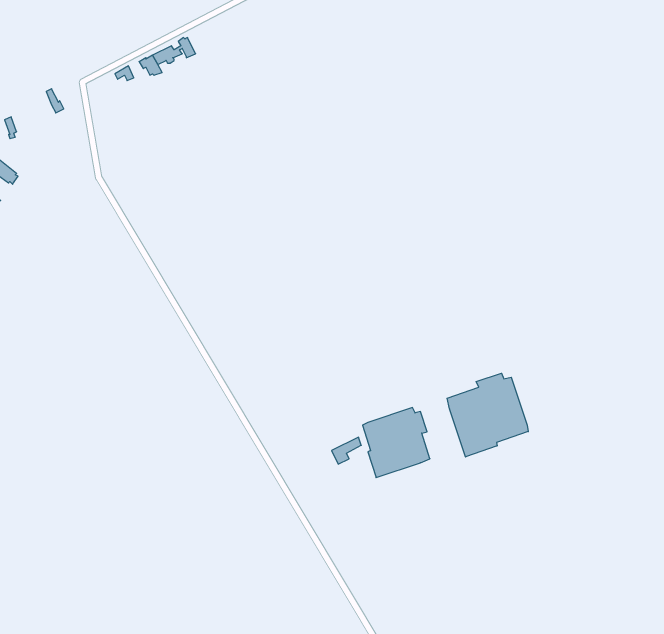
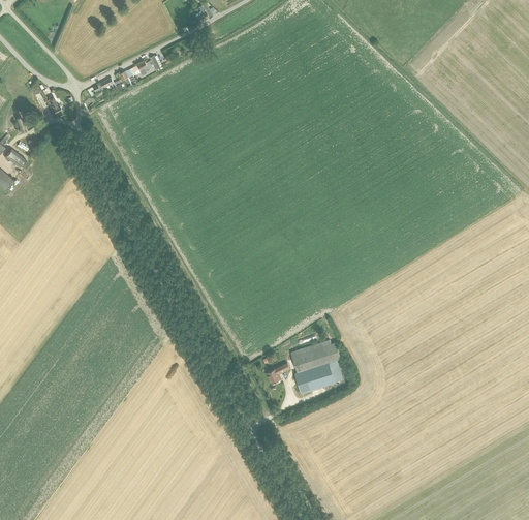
building: [447,373,528,457] -> none

